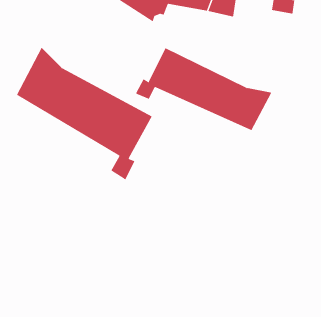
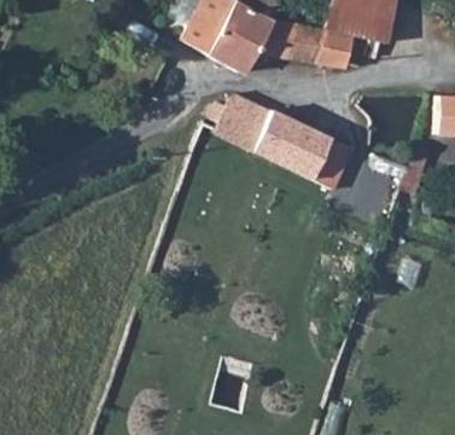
building: [16,47,152,180] -> none

